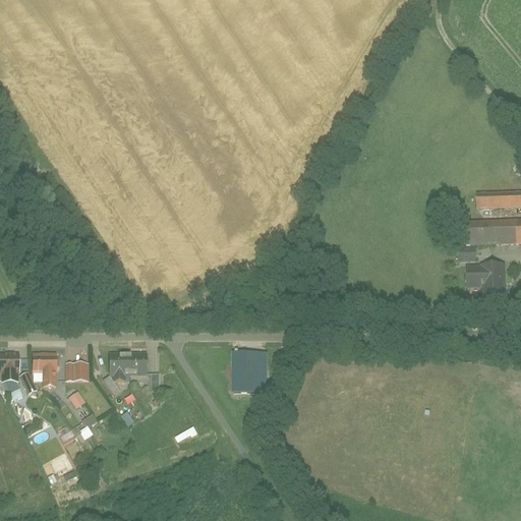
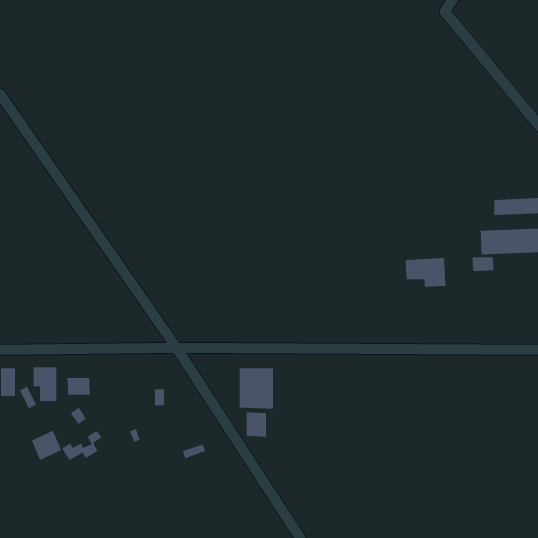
building: [466,265,506,293] -> [405,258,446,287]
building: [109,353,147,380] -> none
building: none -> [246,411,266,438]
building: none -> [31,430,62,461]

